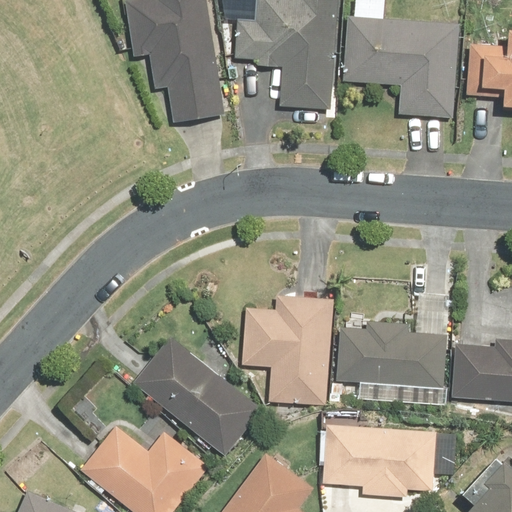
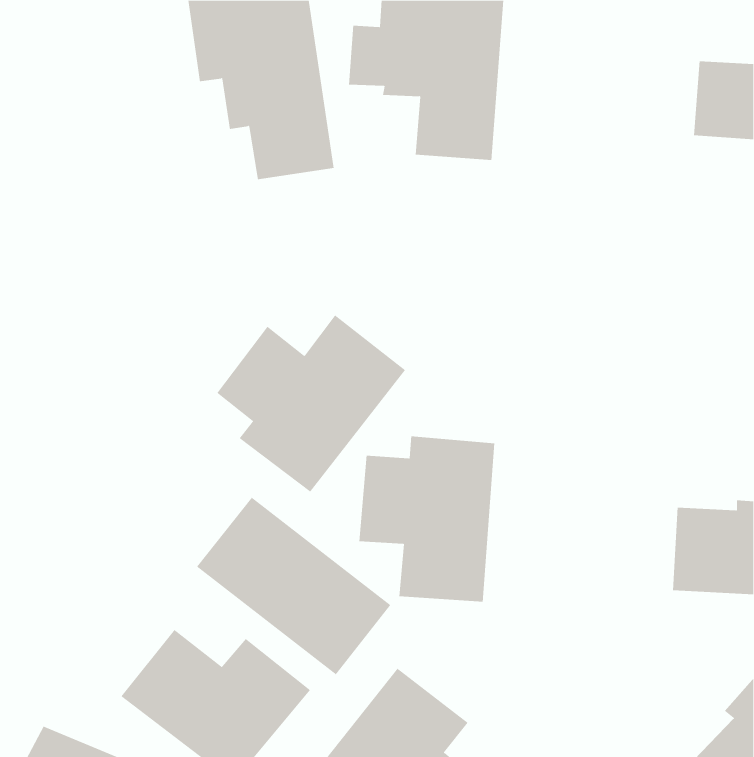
building: [343,15,460,118] -> none
building: none -> [216,315,406,493]
building: [336,320,446,388] -> none
building: [323,423,437,498] -> none

